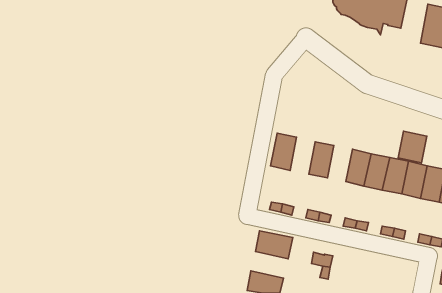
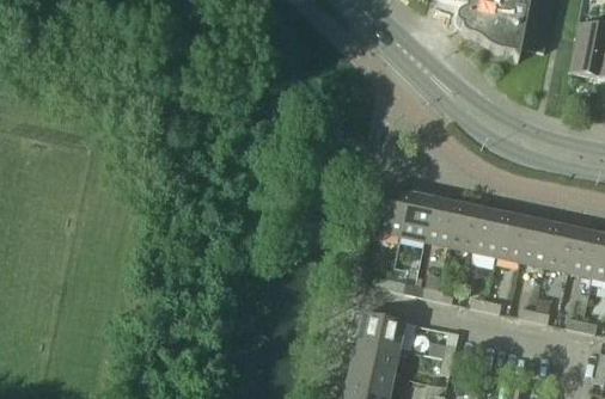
building: [398,131,427,163] -> none
building: none -> [402,191,434,239]
building: none -> [450,202,482,248]
building: none -> [352,338,399,373]

